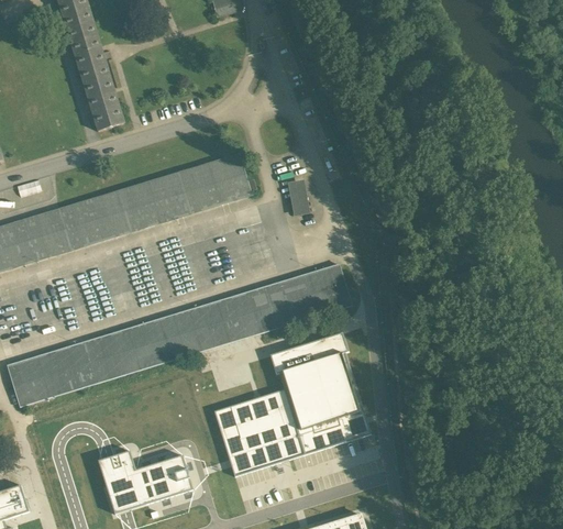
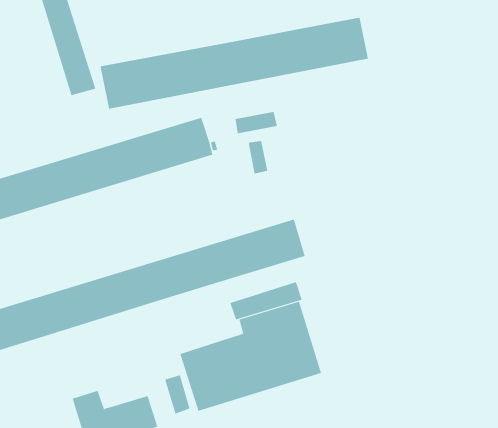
building: none -> [100,17,368,109]
building: none -> [235,111,278,134]
building: none -> [164,375,190,414]

